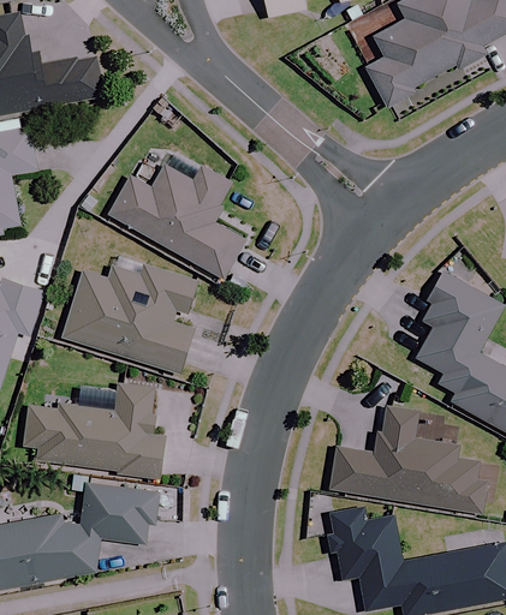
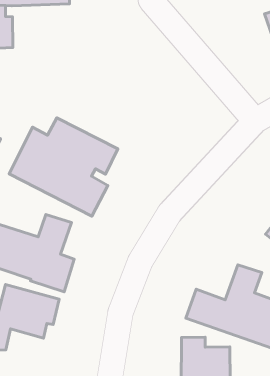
building: [111,148,246,279] -> none

